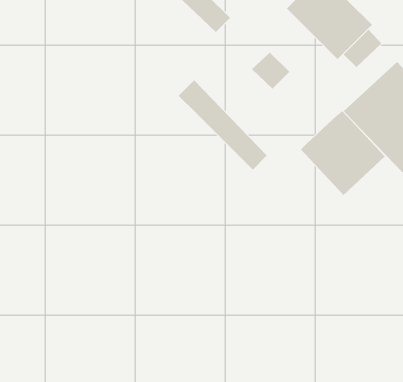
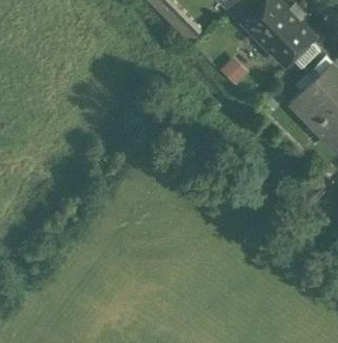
building: [178,79,268,170] -> none
building: [300,110,385,196] -> none

